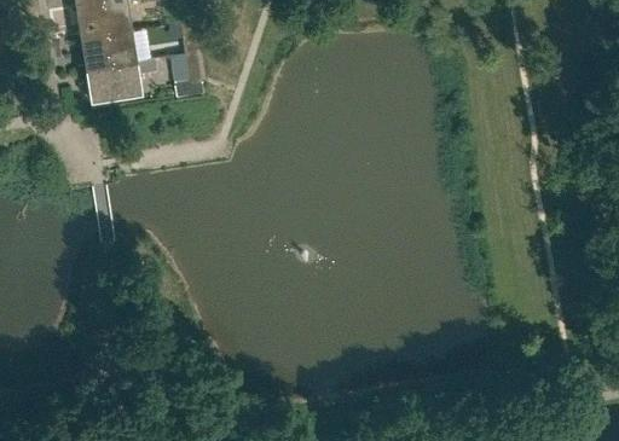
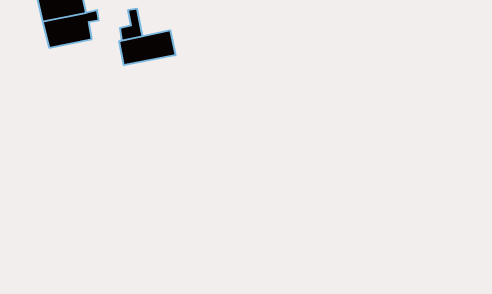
building: none -> [119,30,175,65]

